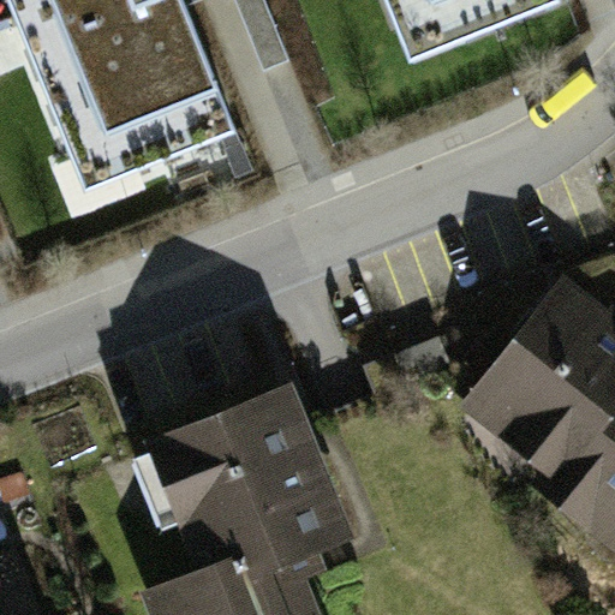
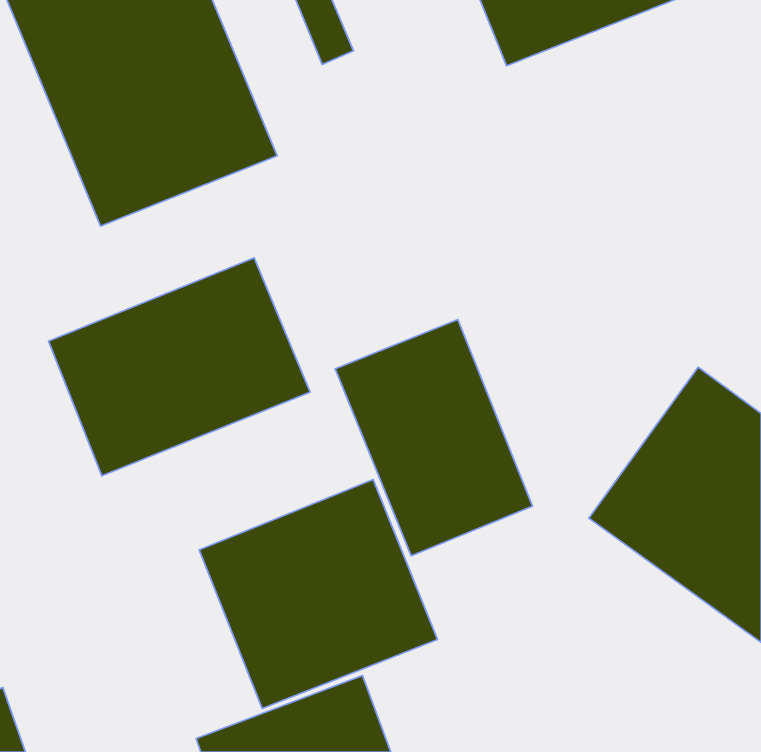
building: none -> [49,258,310,476]
building: none -> [335,320,532,556]

